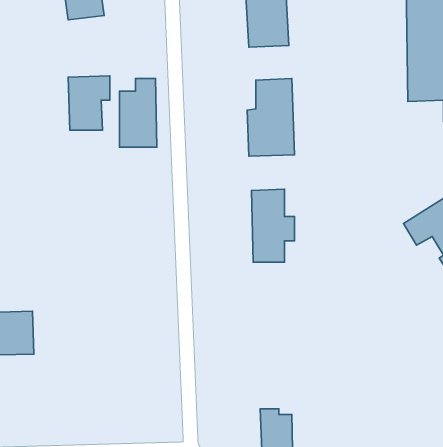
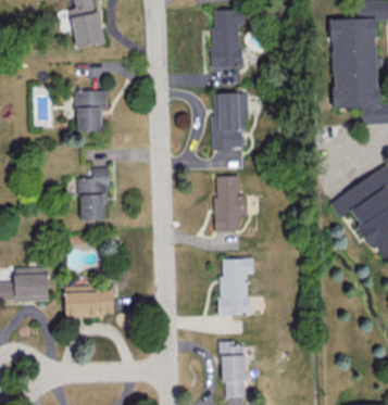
building: [120,78,157,147] -> [79,168,108,220]
building: none -> [220,258,253,316]
building: none -> [64,288,113,317]

